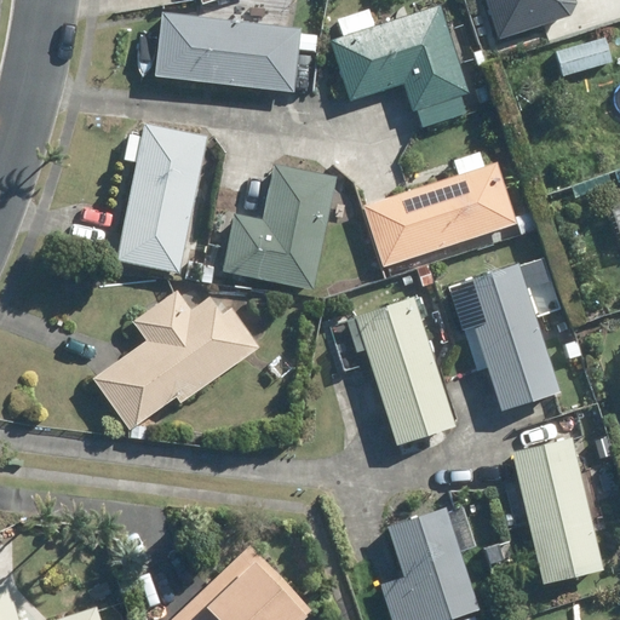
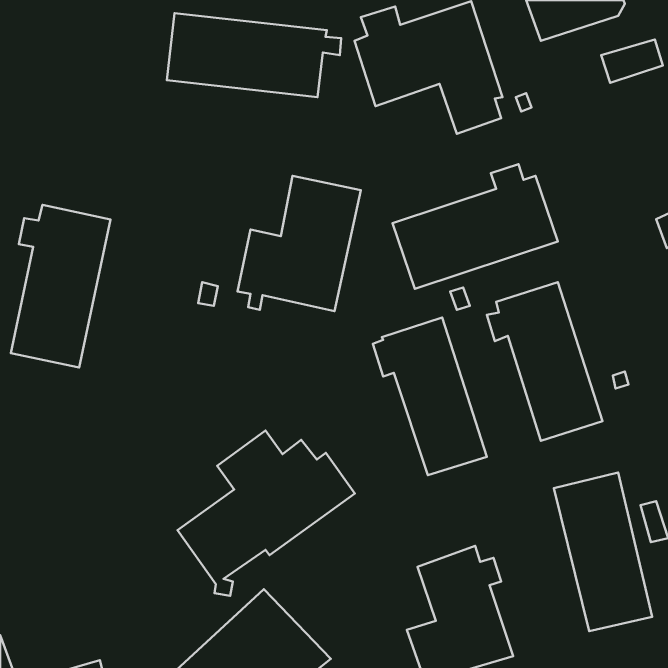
building: [115,126,207,276] -> [11,205,111,368]
building: [92,288,256,441] -> [178,431,355,596]

